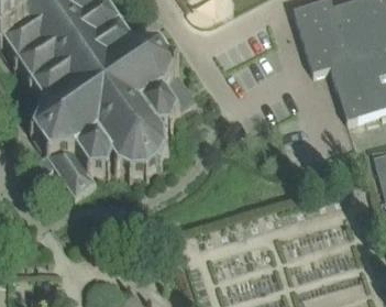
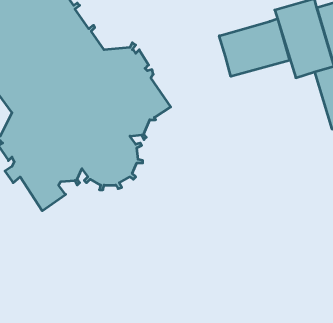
building: none -> [219,19,290,76]

